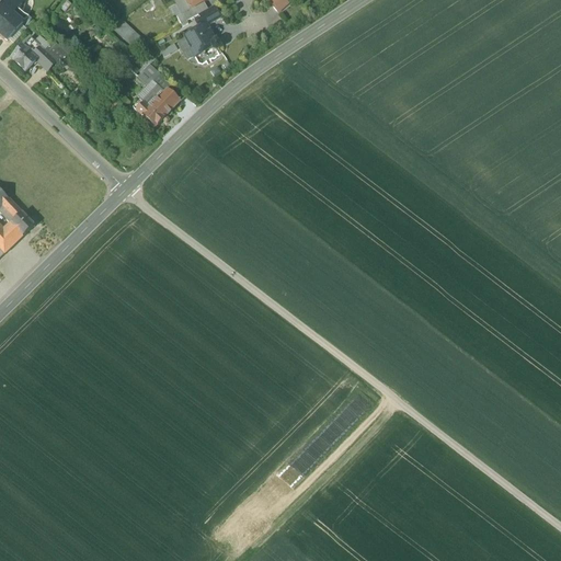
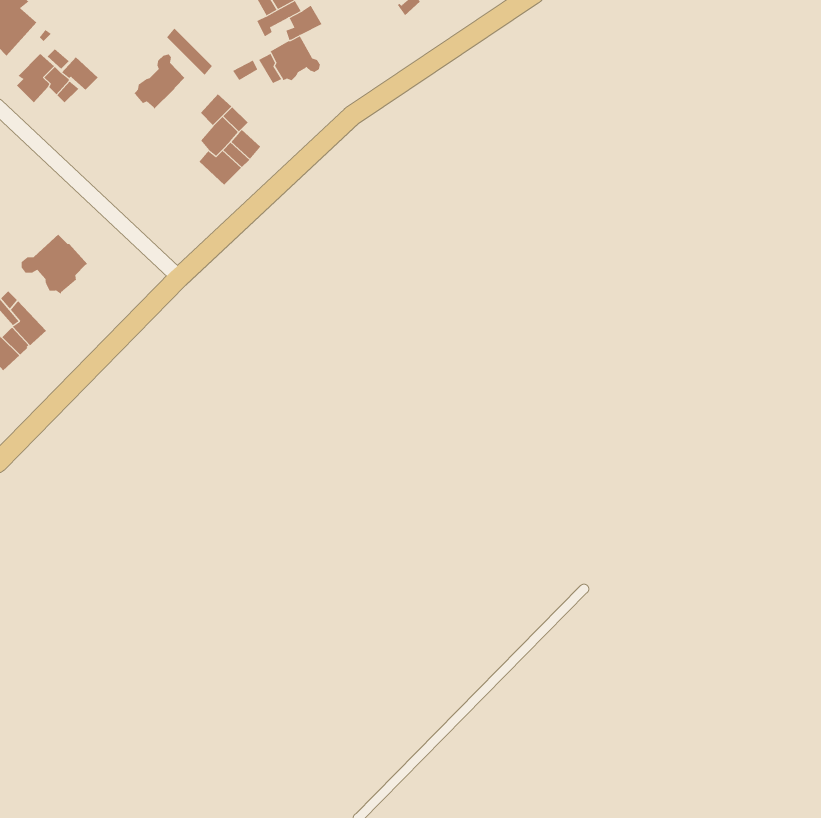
building: none -> [133,54,185,110]
building: none -> [21,234,88,295]

